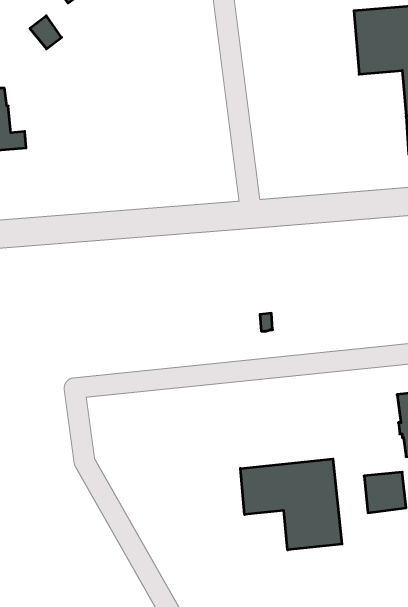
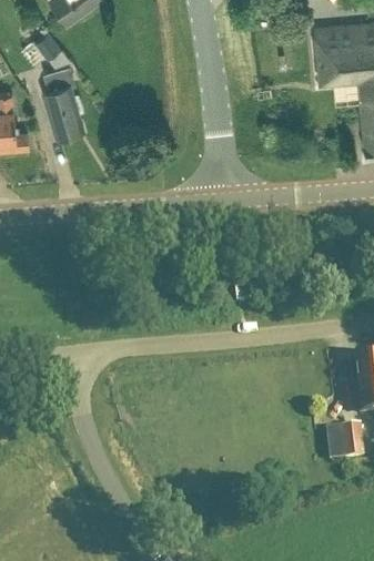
building: none -> [42,68,84,139]
building: [240,459,342,550] -> none

